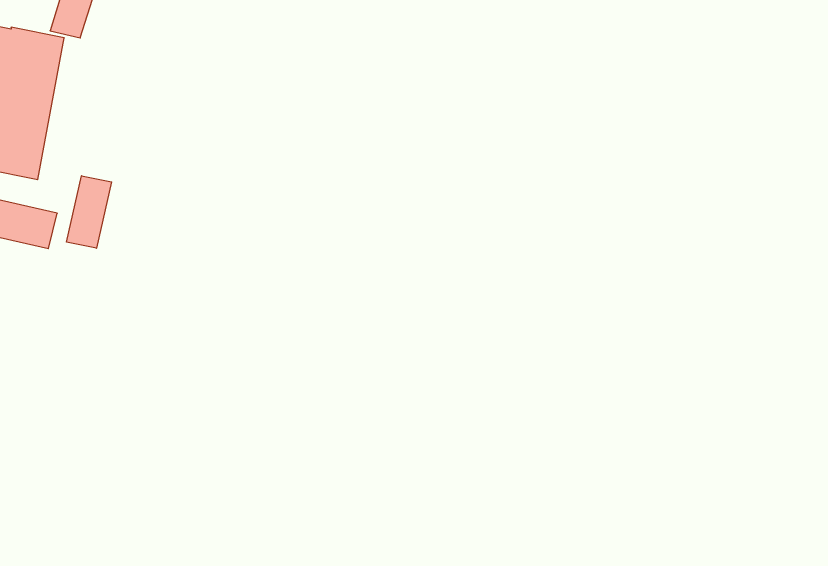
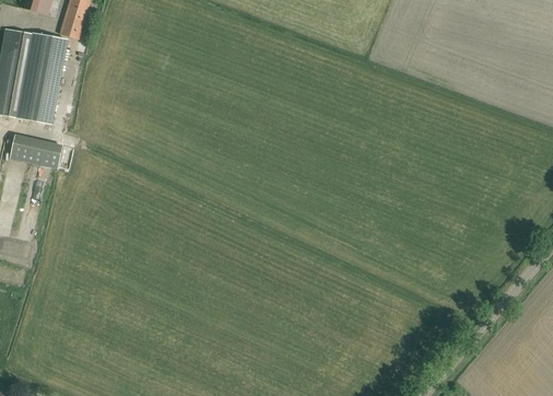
building: [67,176,112,248] -> none

